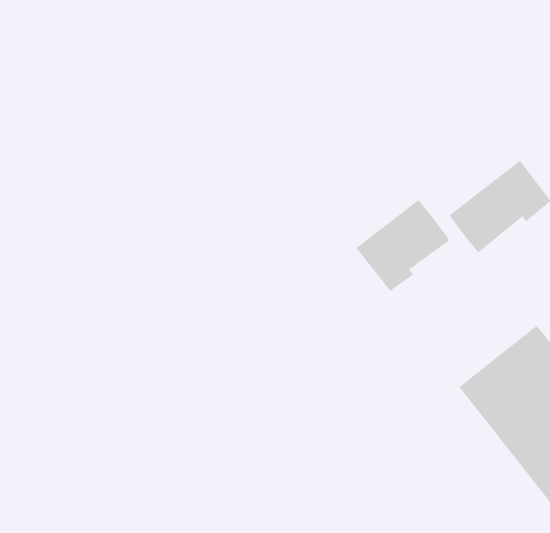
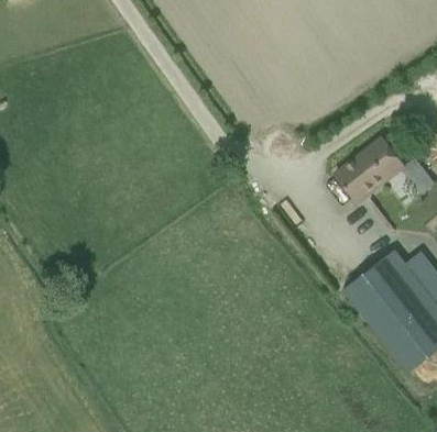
building: [356,199,450,292] -> none

